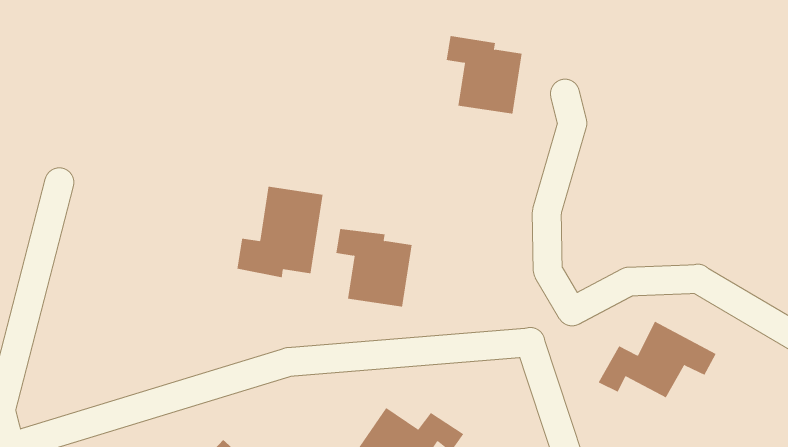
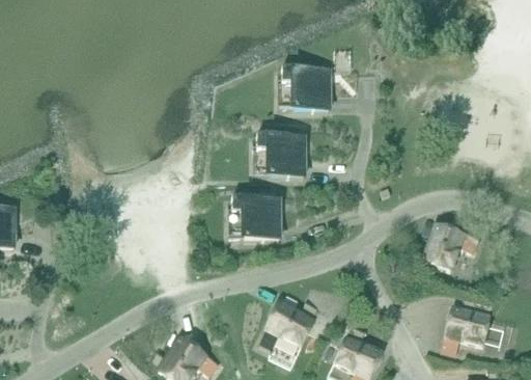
building: none -> [257,132,304,175]
building: [237,186,323,278] -> none

